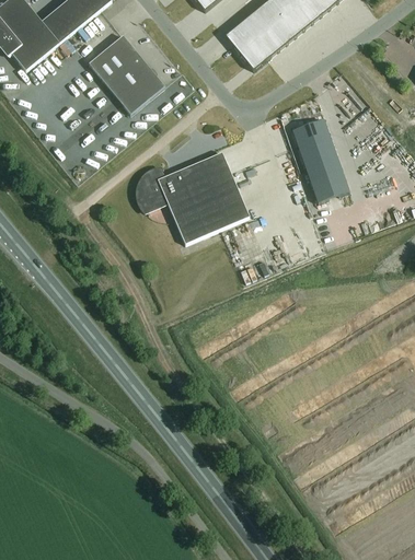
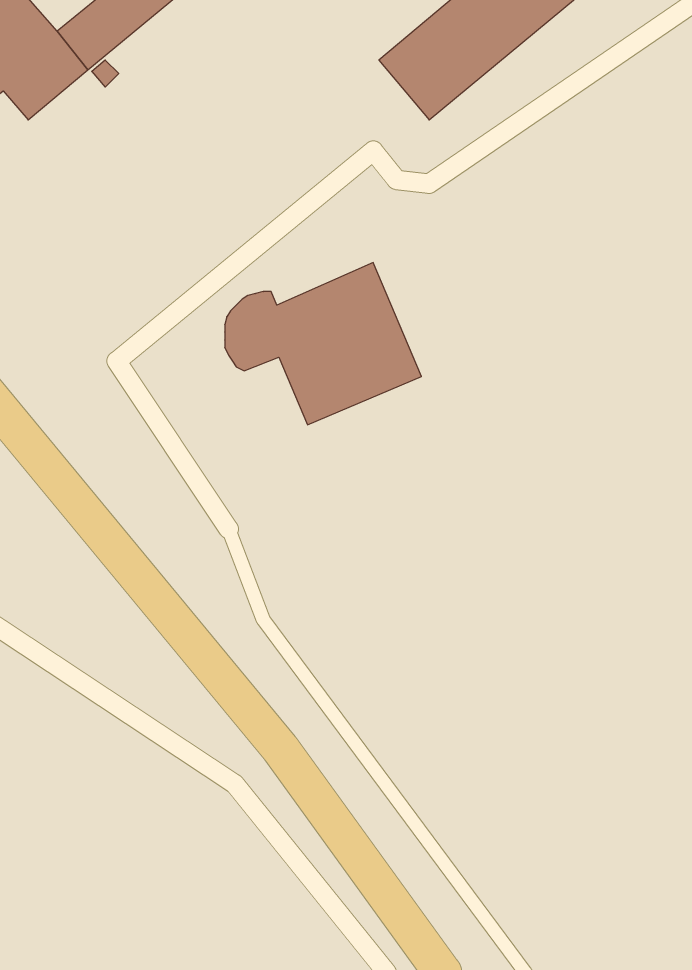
building: [89,34,165,113] -> none
building: [291,116,349,199] -> none

